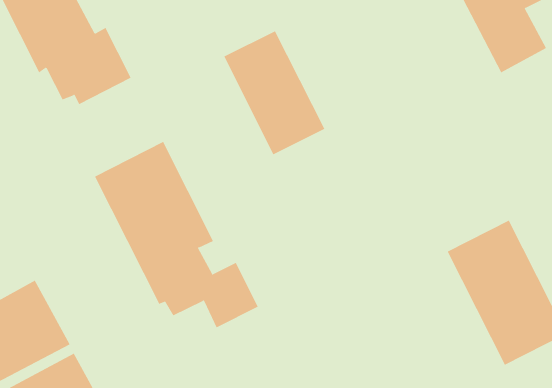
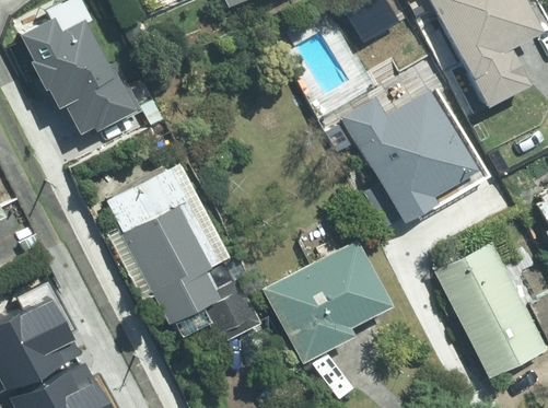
building: [223,30,325,155] -> none
building: none -> [343,91,477,221]
building: none -> [263,240,390,362]

